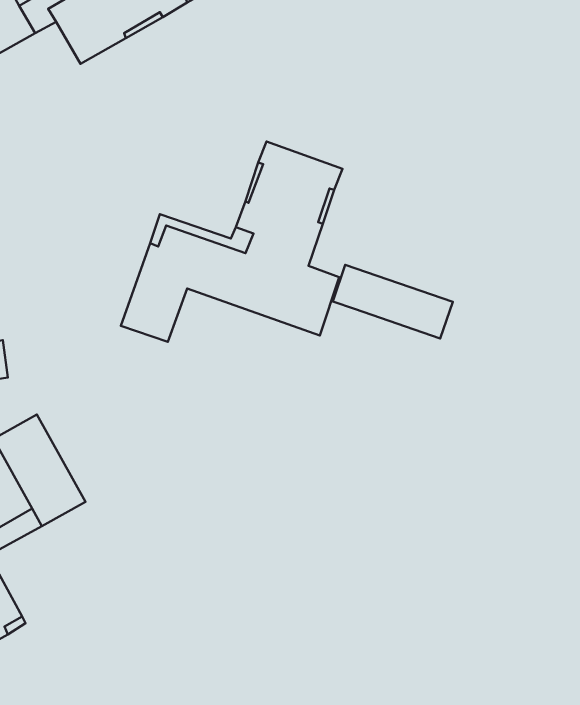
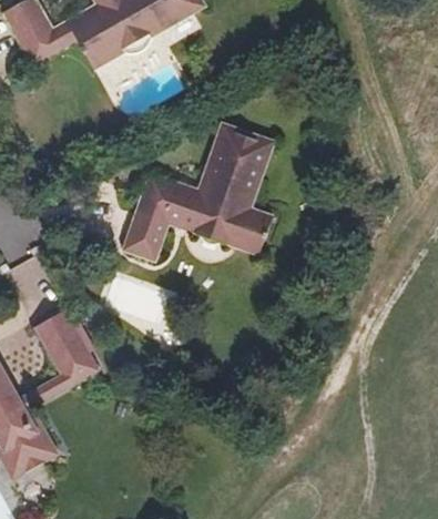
building: [333,265,453,338] -> none

